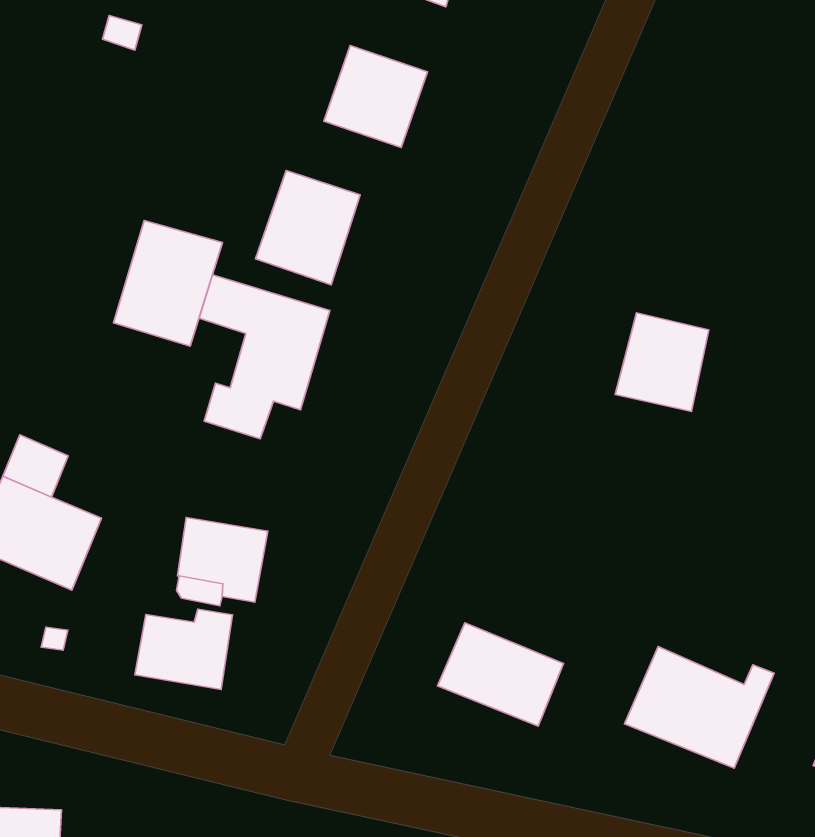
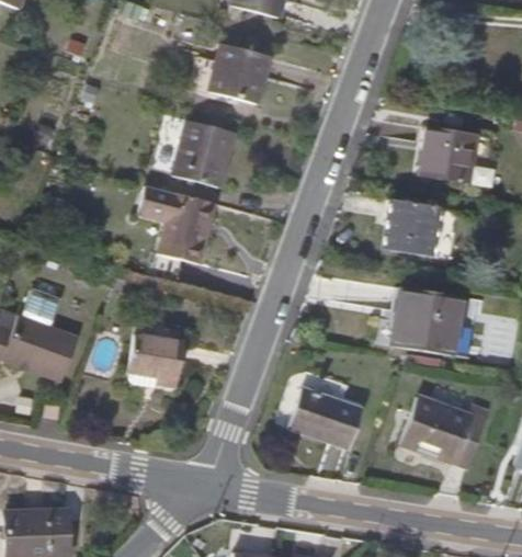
building: none -> [421,125,480,180]
building: [113,221,222,346] -> none
building: none -> [395,294,461,344]
building: [135,609,232,689] -> none

